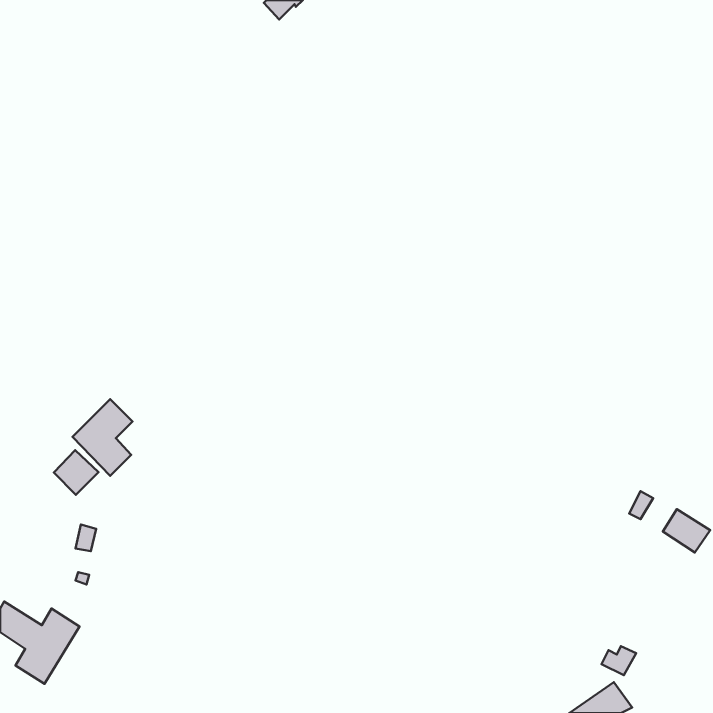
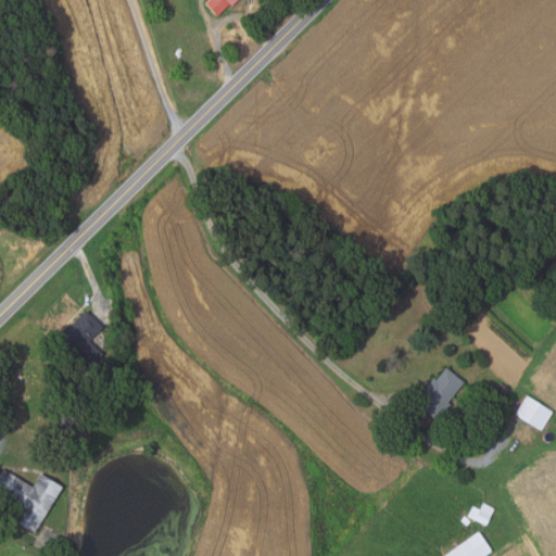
building: [54,450,98,495] -> none
building: none -> [417,365,464,421]

